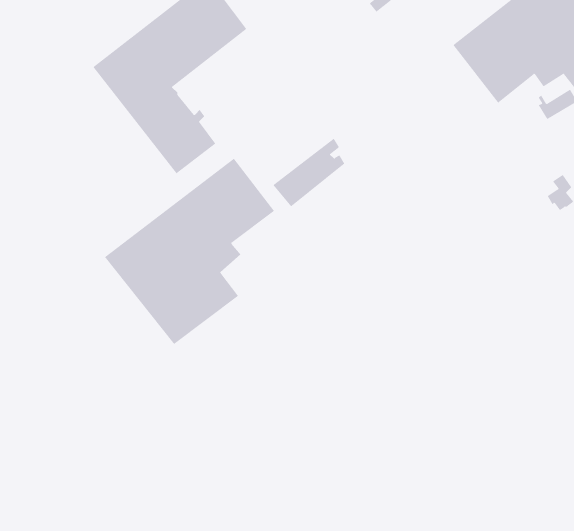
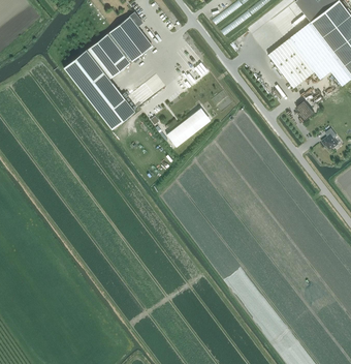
building: [104,158,275,345] -> none

